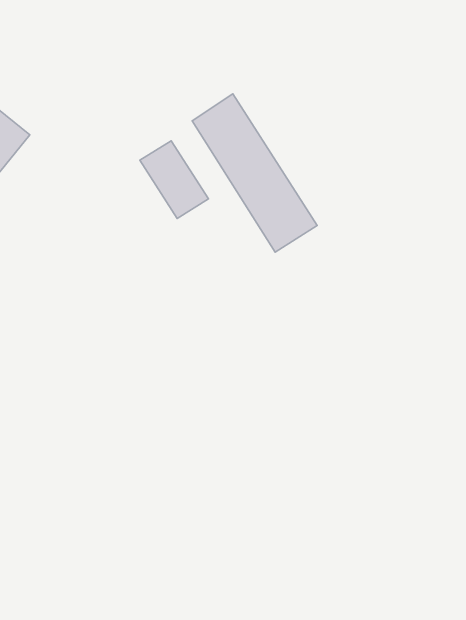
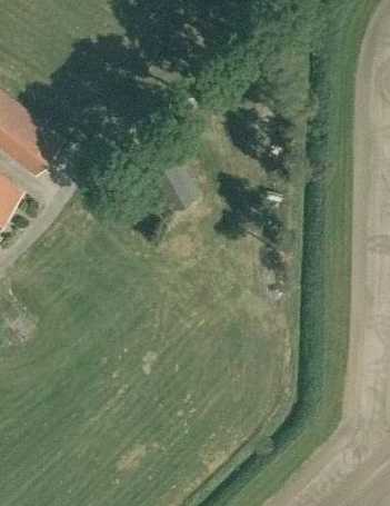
building: [192,94,317,252] -> none

